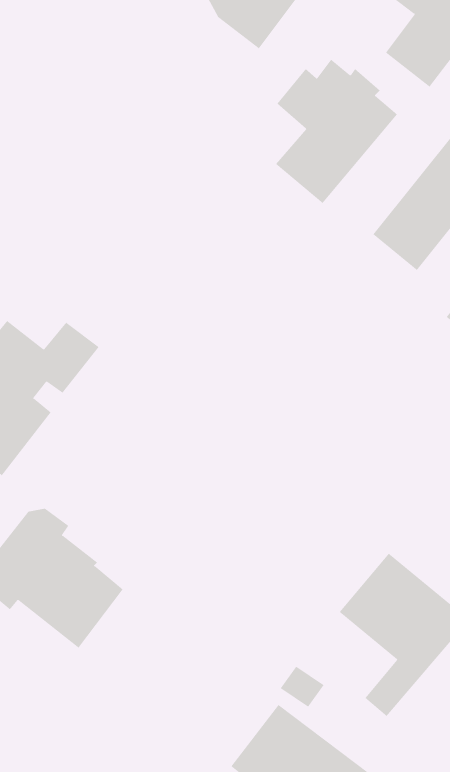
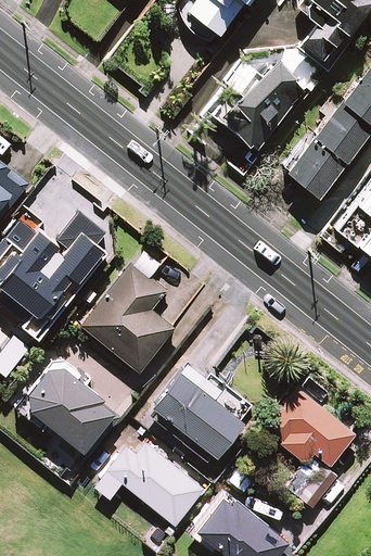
building: none -> [84,252,172,372]
building: none -> [146,364,244,466]
building: none -> [102,443,205,527]

